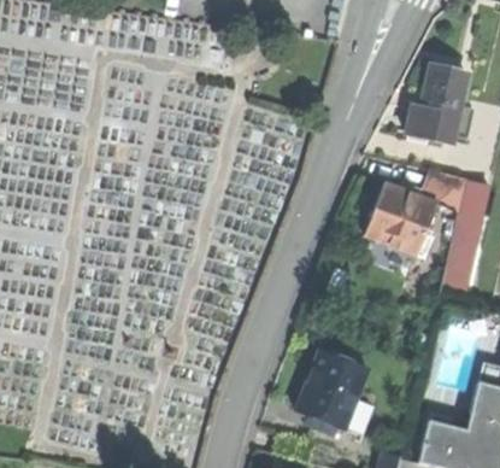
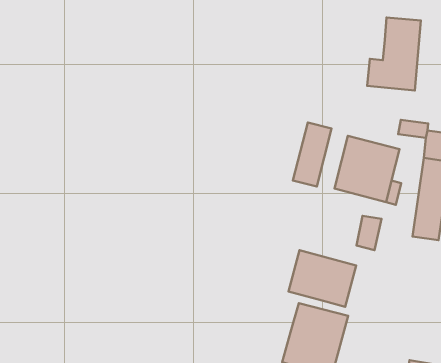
building: none -> [293,123,332,186]
building: none -> [289,250,356,307]

